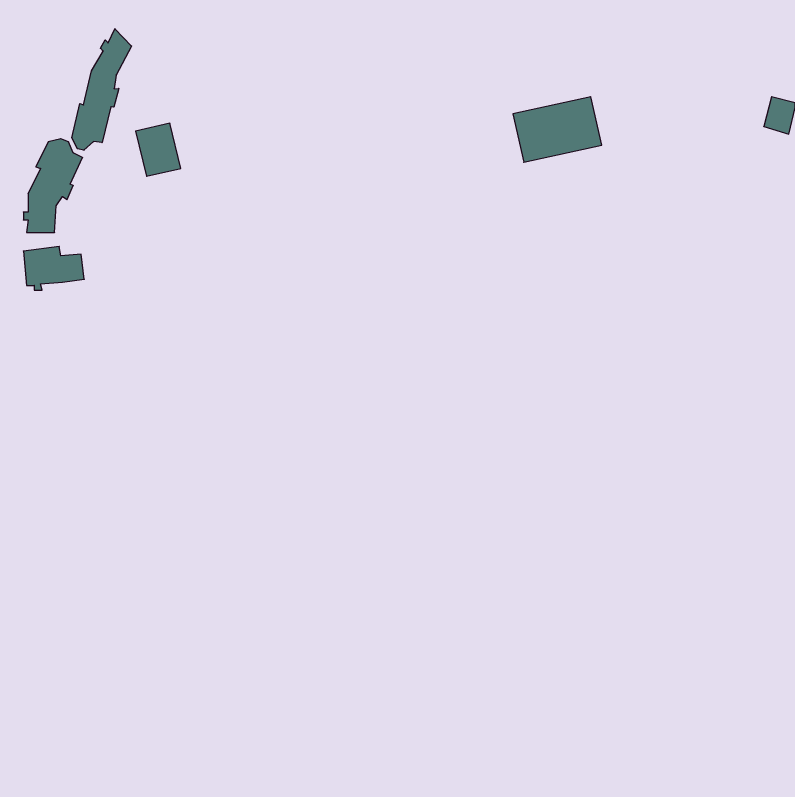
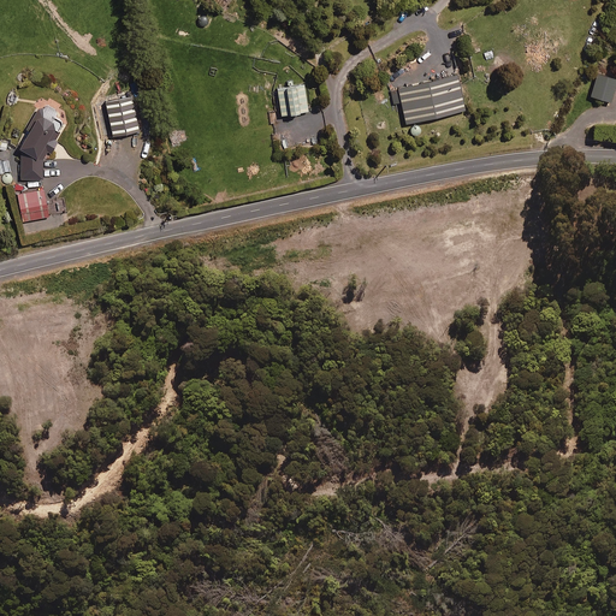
building: [72,29,132,150] -> none
building: none -> [276,85,306,117]

